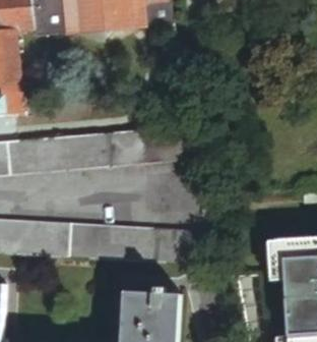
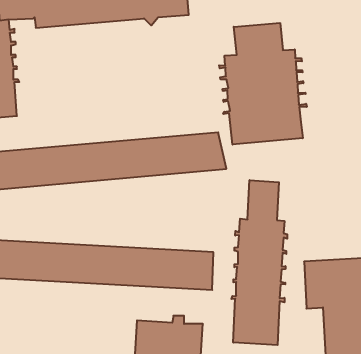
building: none -> [219,23,307,145]
building: none -> [231,180,287,345]

